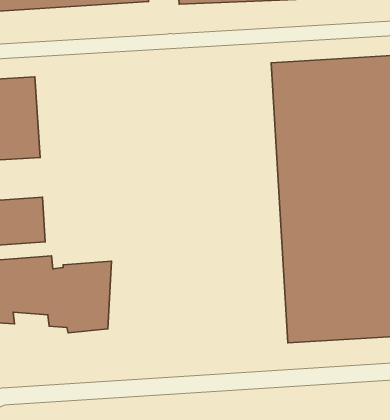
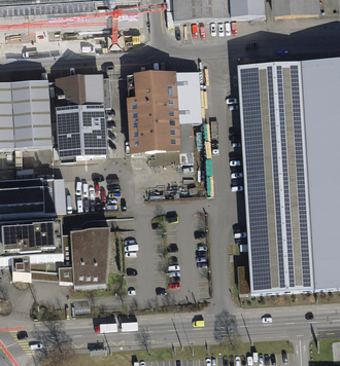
building: none -> [129,71,203,161]
building: none -> [57,76,111,157]

